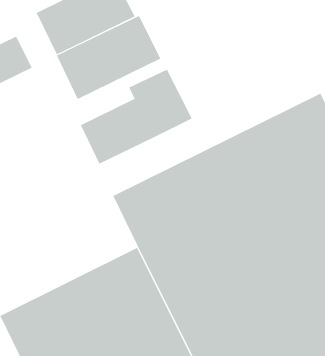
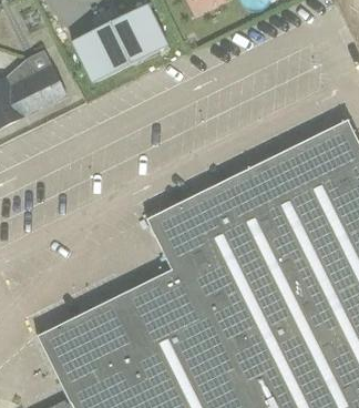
building: [56,15,161,100] -> none
building: [80,69,193,165] -> none

